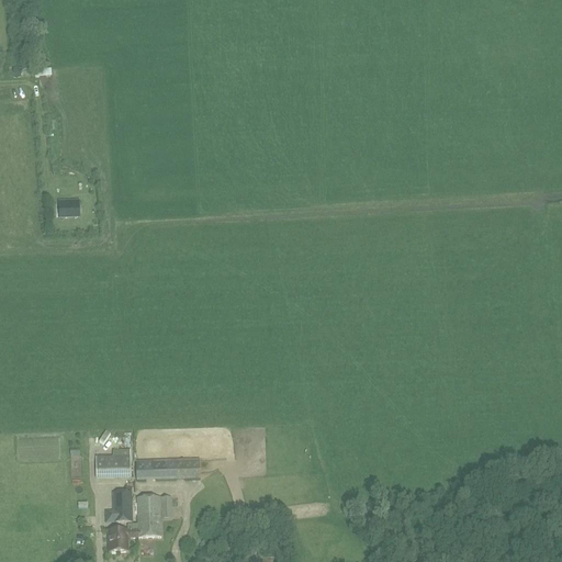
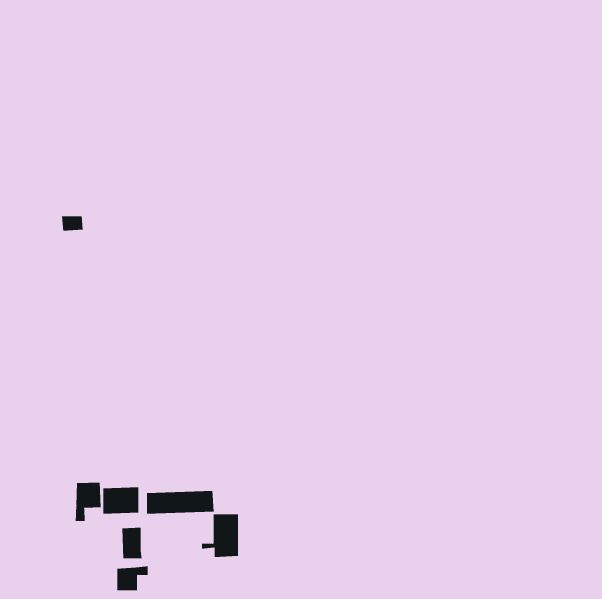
building: none -> [75,482,101,522]
building: [126,495,161,536] -> [201,514,239,557]

